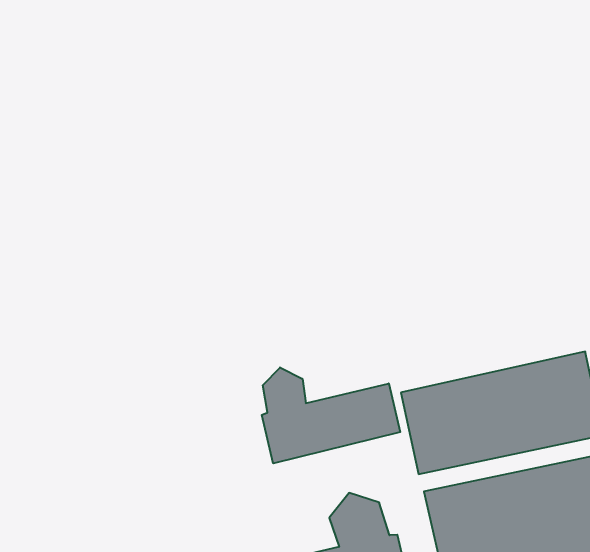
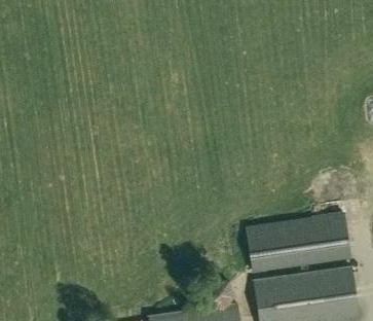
building: [262,367,400,463] -> none

